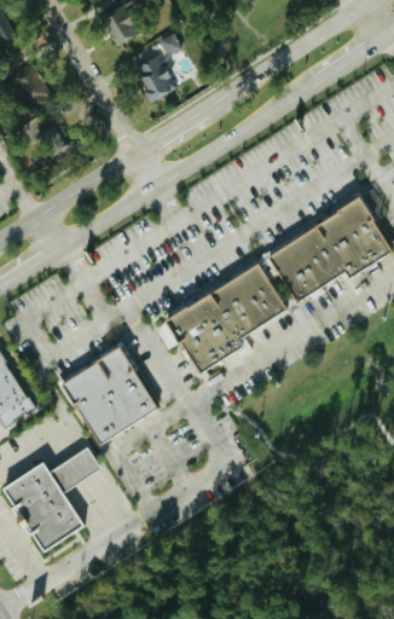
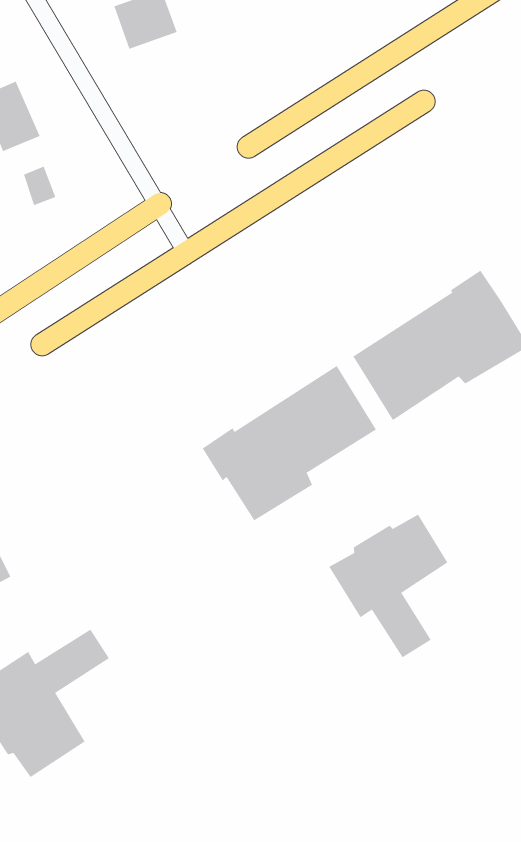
building: [135,31,184,99] -> none
building: [60,345,158,444] -> none
building: none -> [329,514,448,658]

